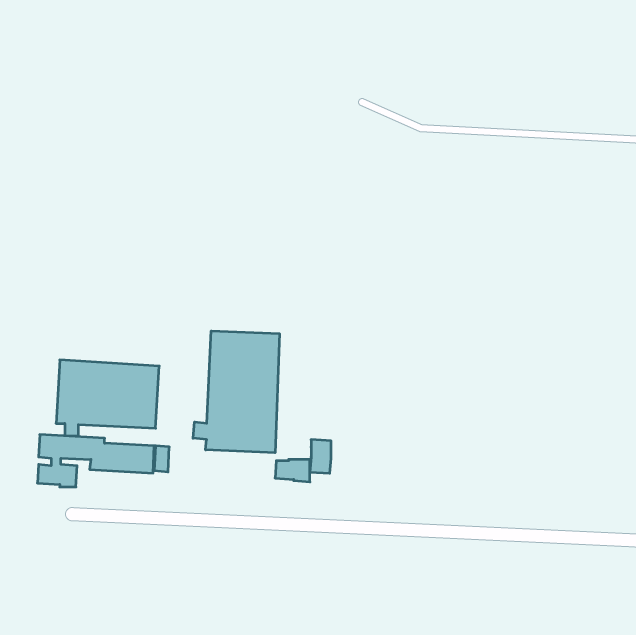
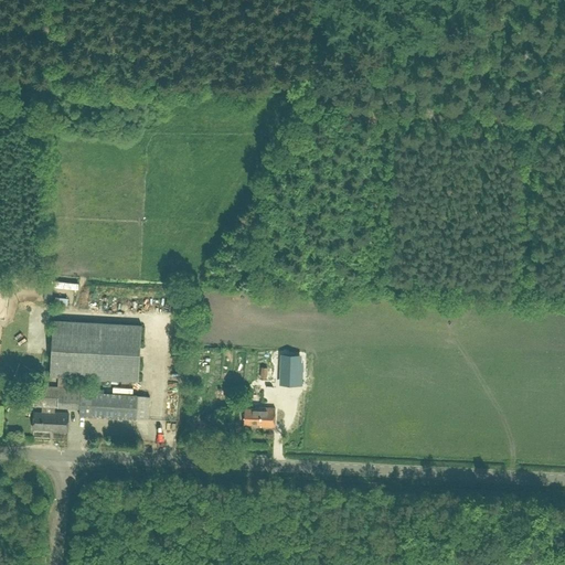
building: [193,331,279,453] -> none
building: [310,440,331,473] -> [280,355,299,385]

